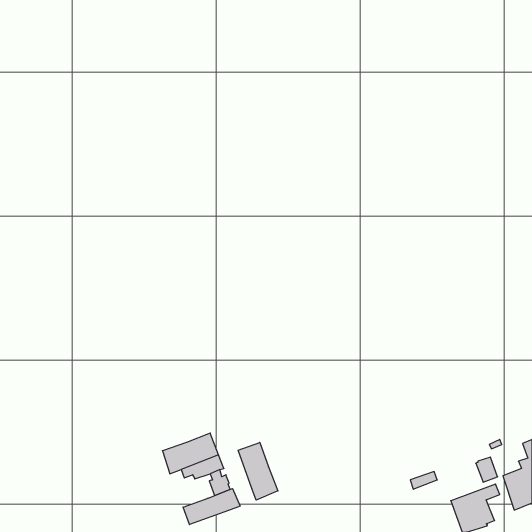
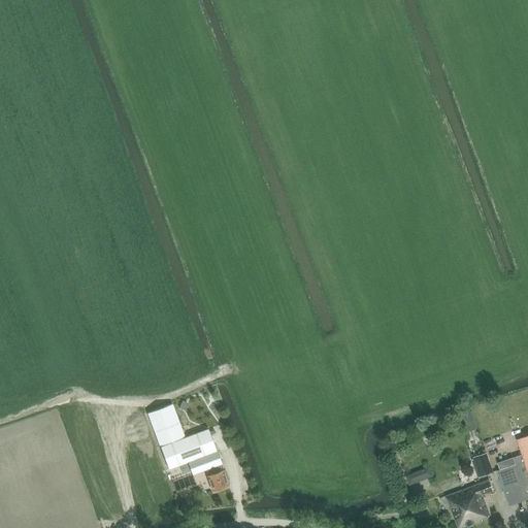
building: none -> [147,404,185,447]
building: [238,442,278,500] -> none
building: [183,489,240,525] -> none

